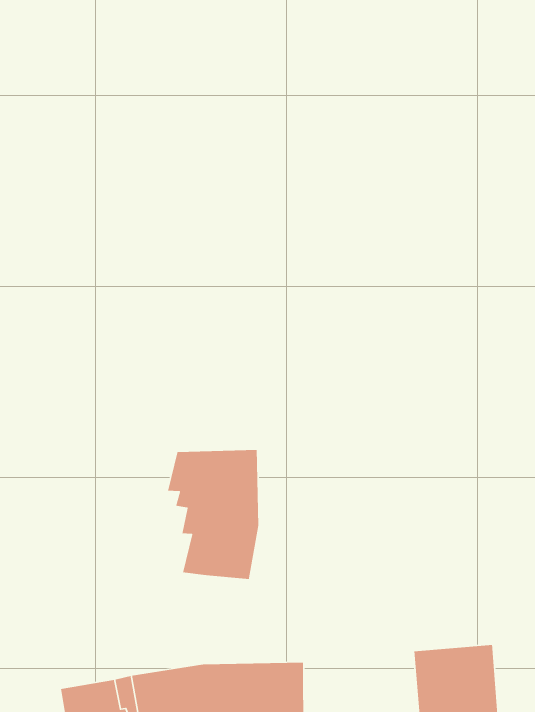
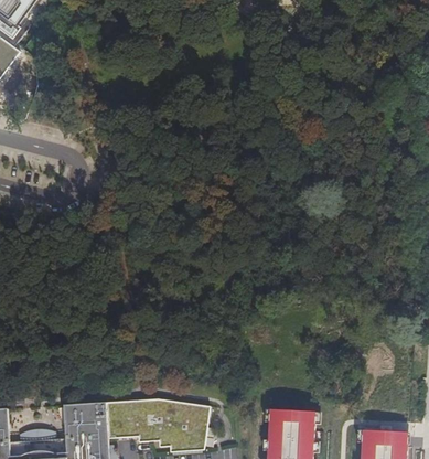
building: [167,449,259,580] -> none

